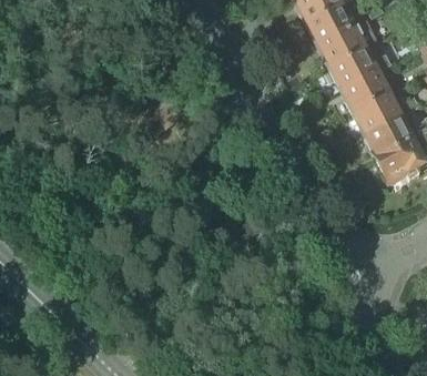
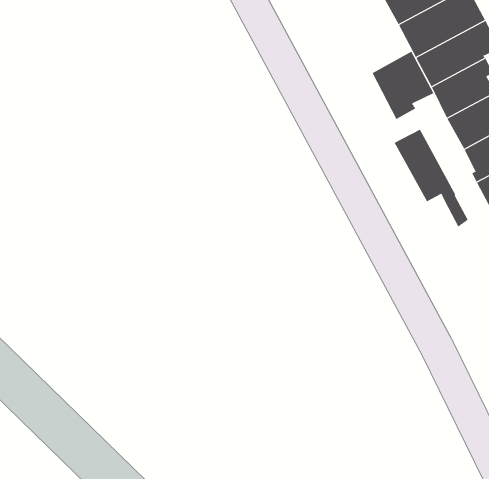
building: none -> [372,51,434,120]
building: none -> [394,129,469,228]

